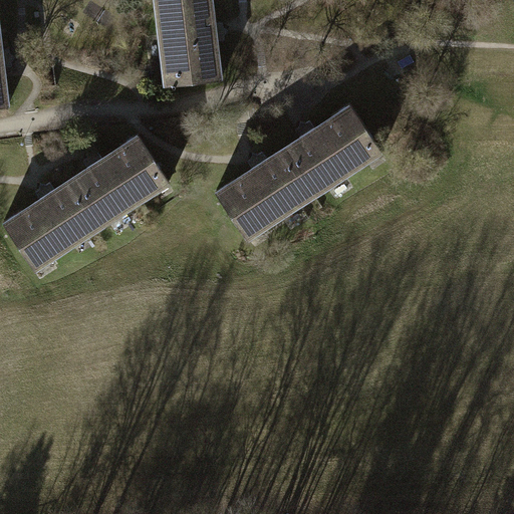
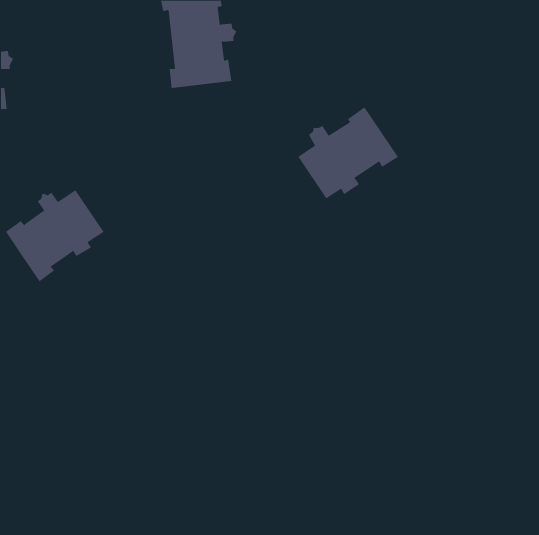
building: [72,136,169,224] -> none
building: [216,153,310,241] -> none

